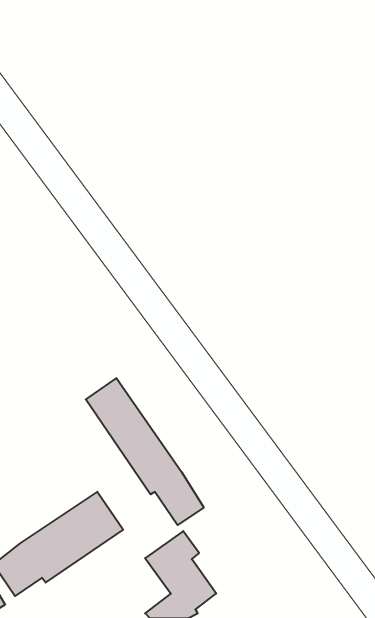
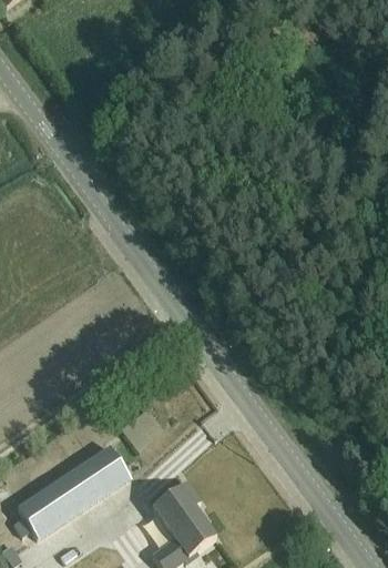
building: [86,378,204,525] -> none

